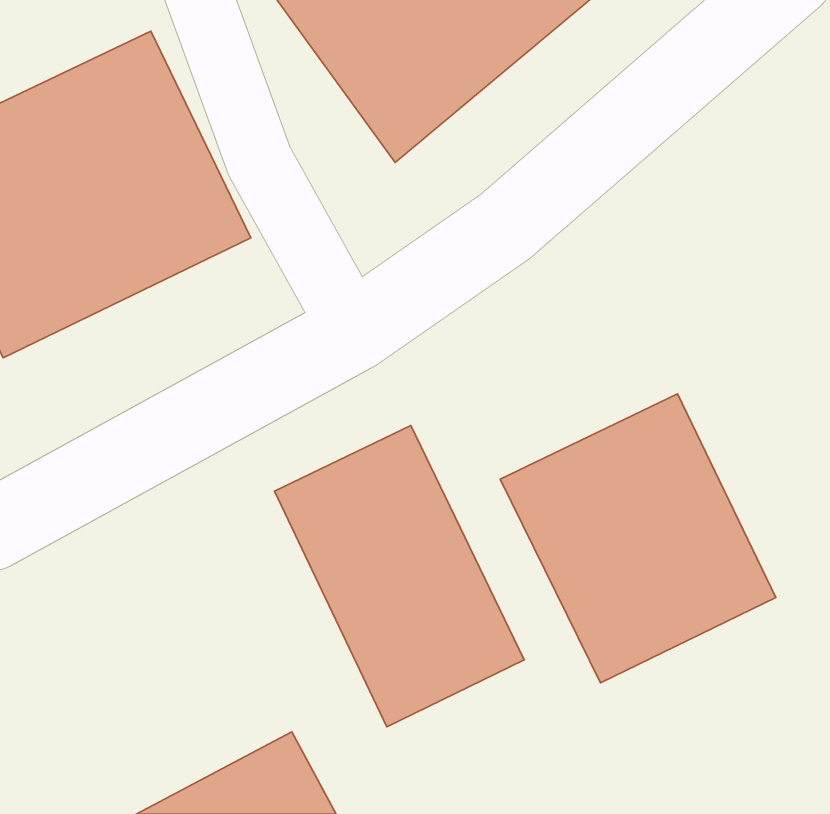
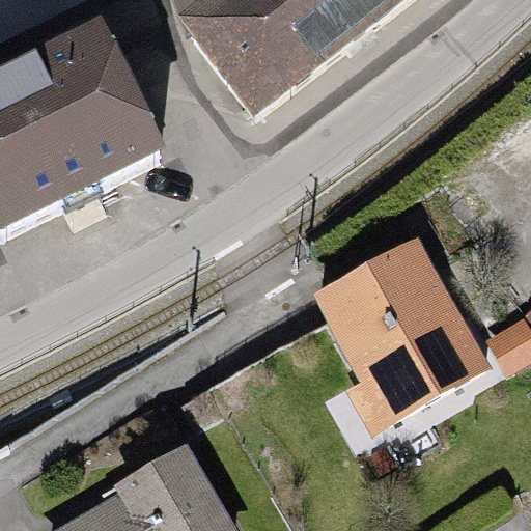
building: [274,426,524,727] -> none

